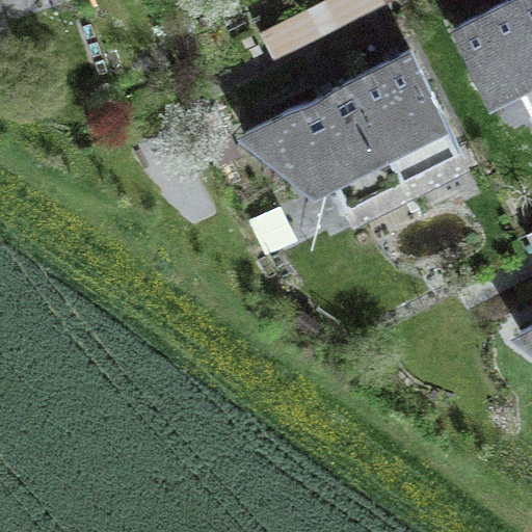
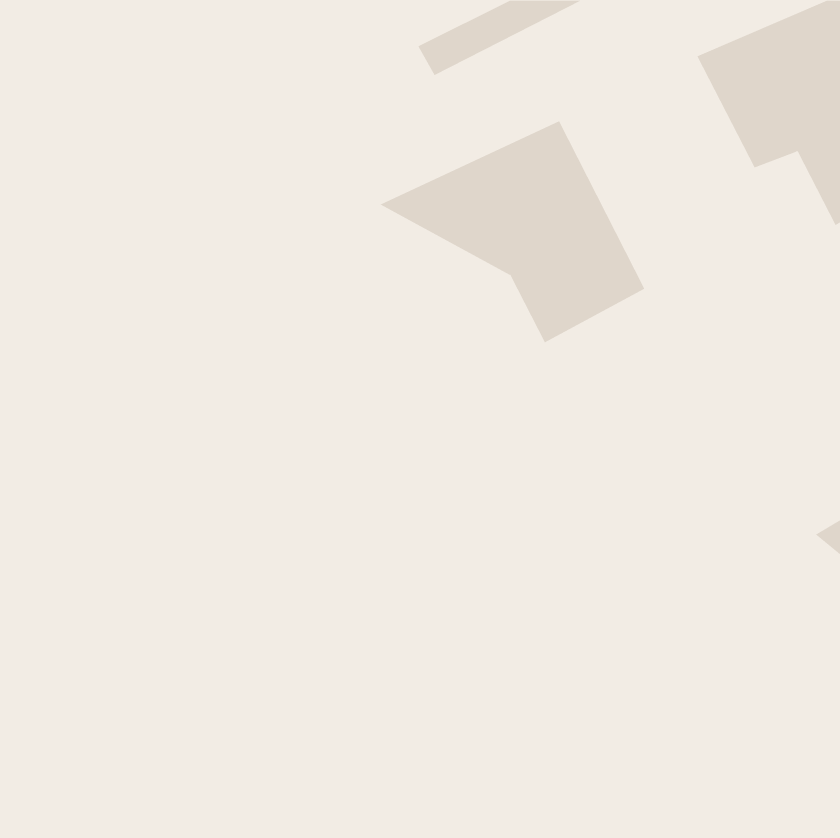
building: [354,51,463,185] -> none

